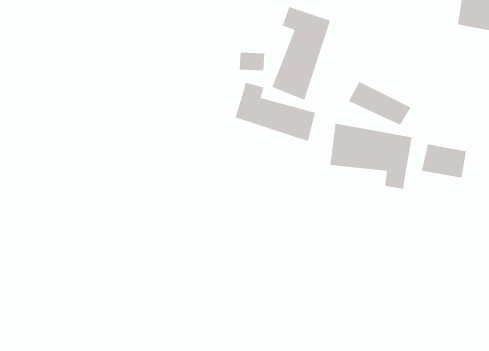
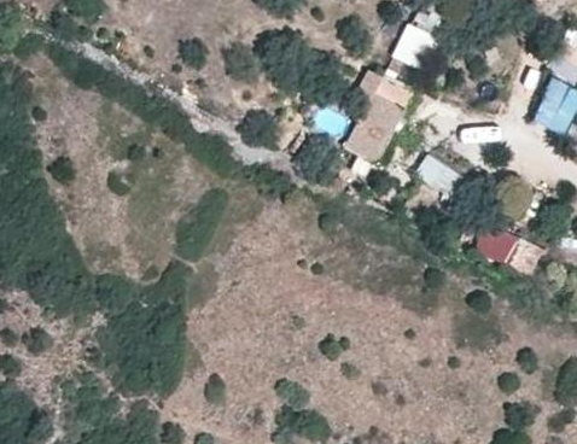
building: [235,82,315,142] -> none
building: [330,123,412,190] -> none

